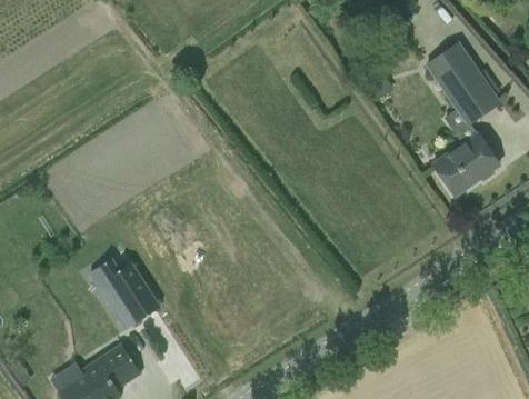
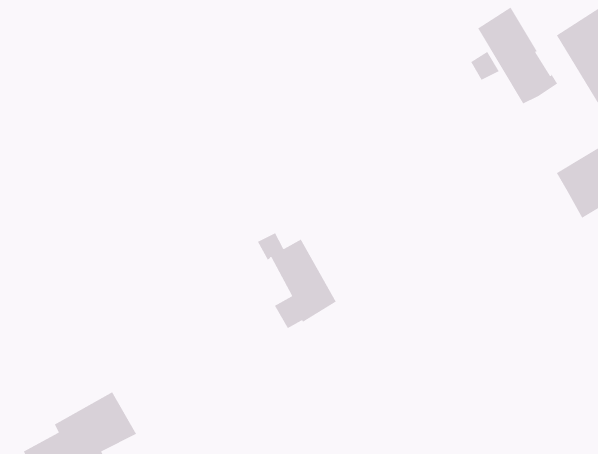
building: none -> [477,6,558,105]
building: [92,260,153,330] -> [257,232,337,329]

